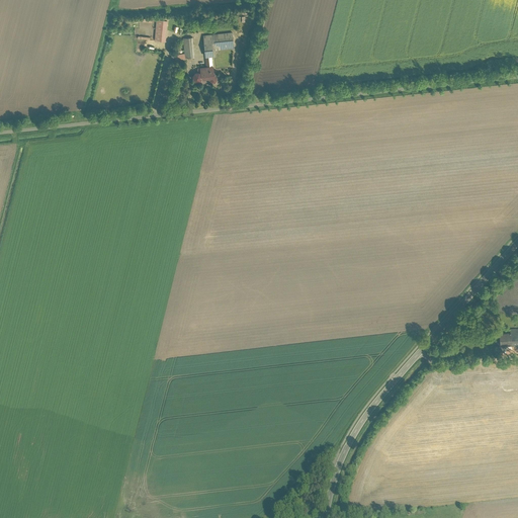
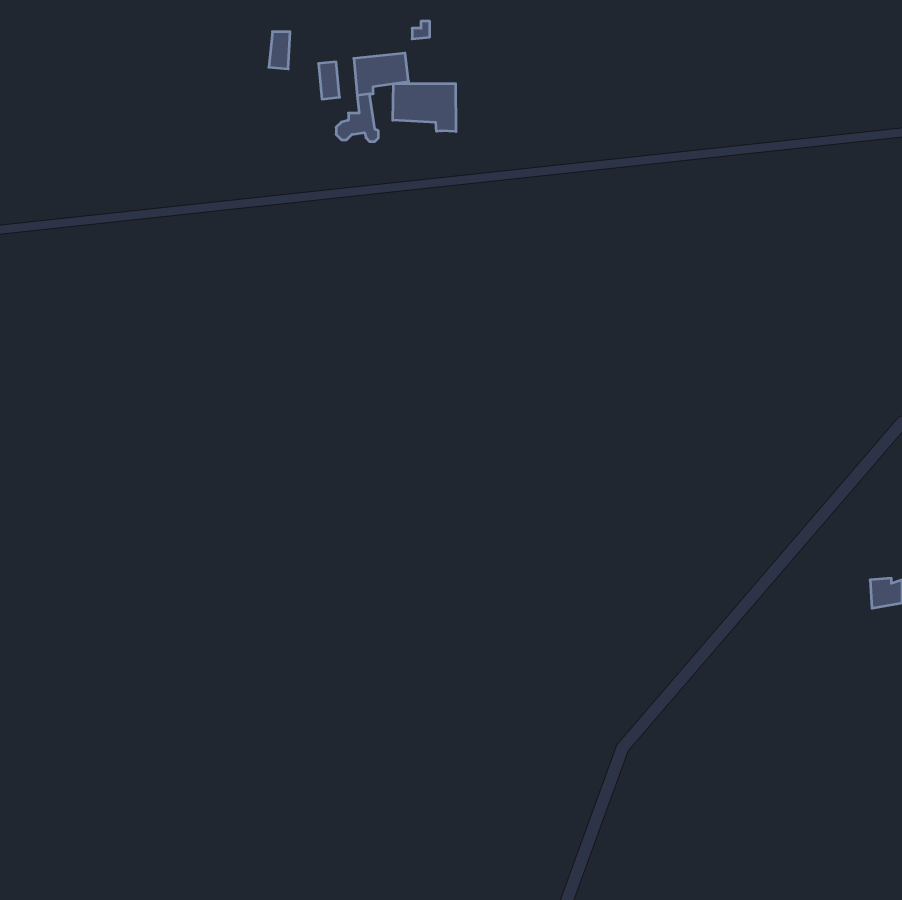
building: none -> [393,84,456,132]

